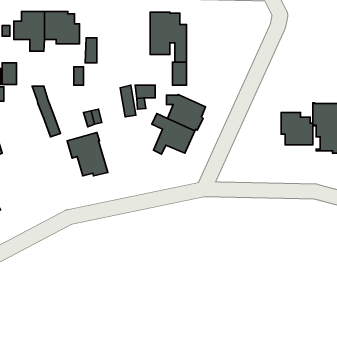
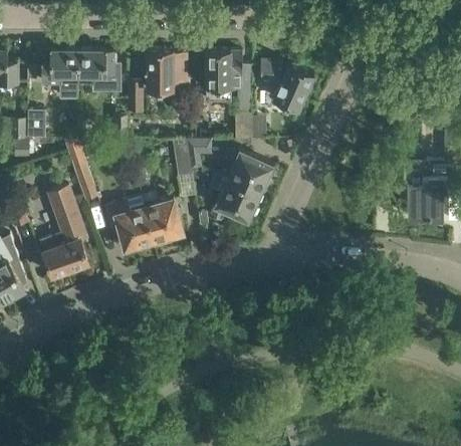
building: none -> [147,50,186,98]
building: none -> [260,61,313,112]
building: [281,112,313,145] -> none
building: none -> [39,187,89,277]
building: none -> [144,199,183,245]

